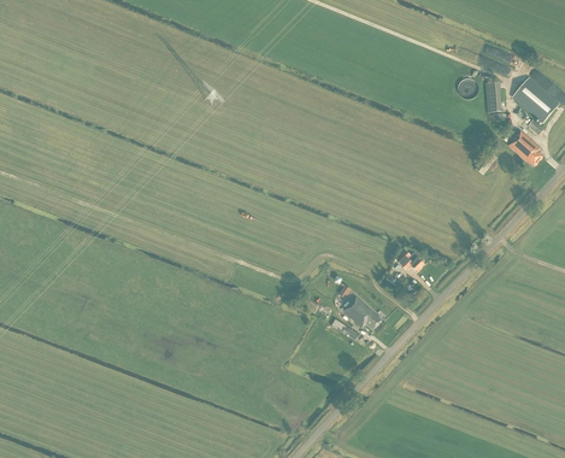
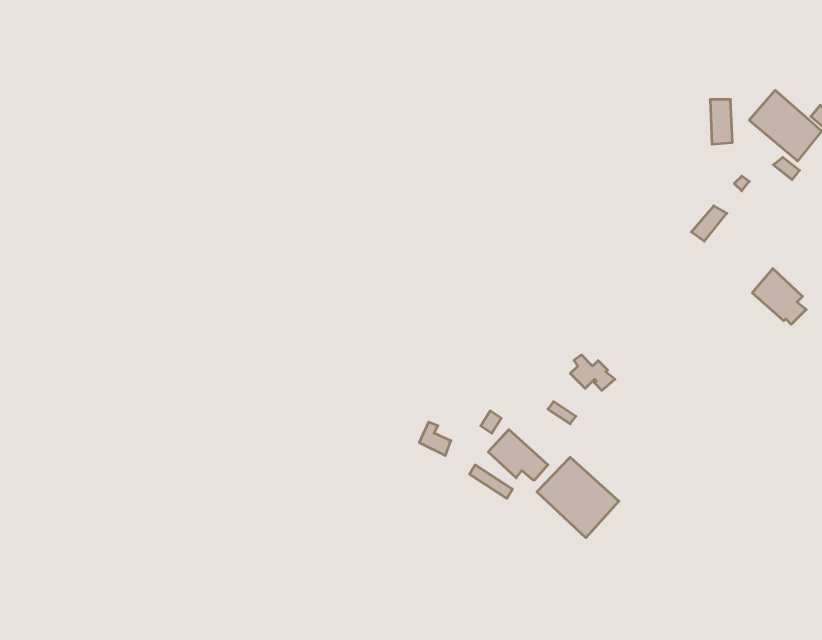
building: [507,129,542,165] -> [752,269,806,324]
building: none -> [537,457,619,538]

